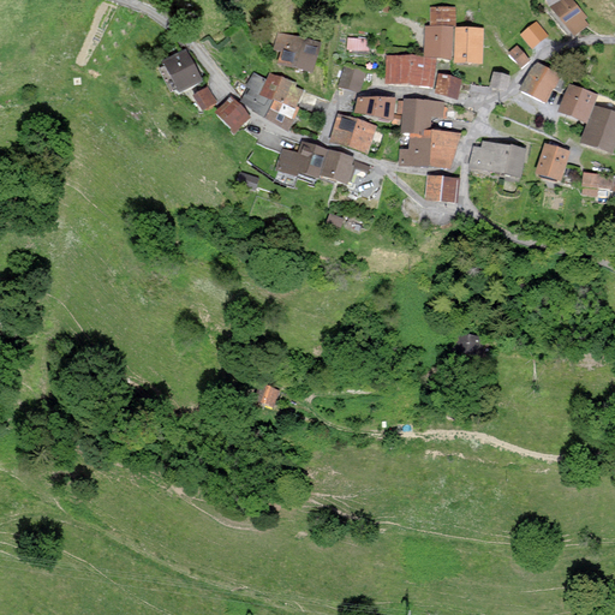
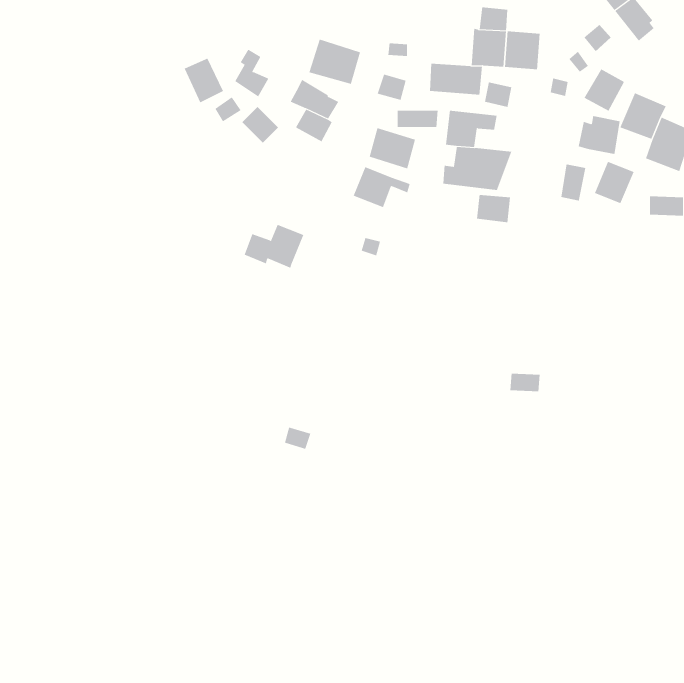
building: [244,71,275,114] -> [234,49,269,97]
building: [274,139,328,179] -> [244,224,304,268]
building: [470,142,508,177] -> [578,116,621,155]

